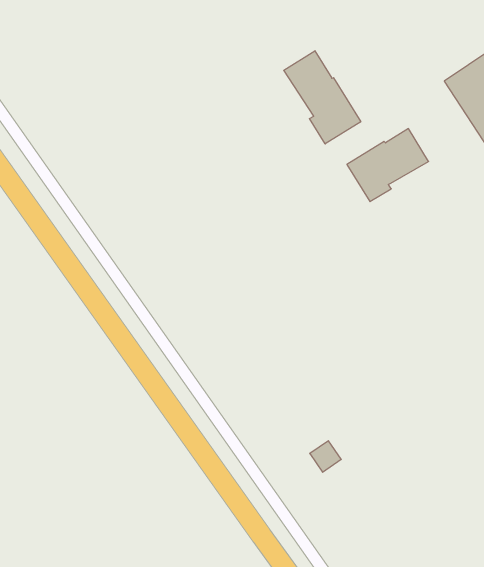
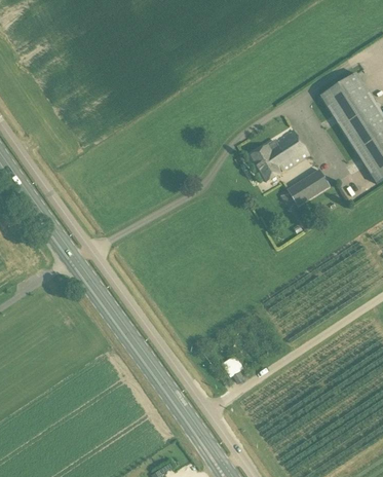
building: [284,51,361,144] -> none
building: none -> [286,169,329,206]

